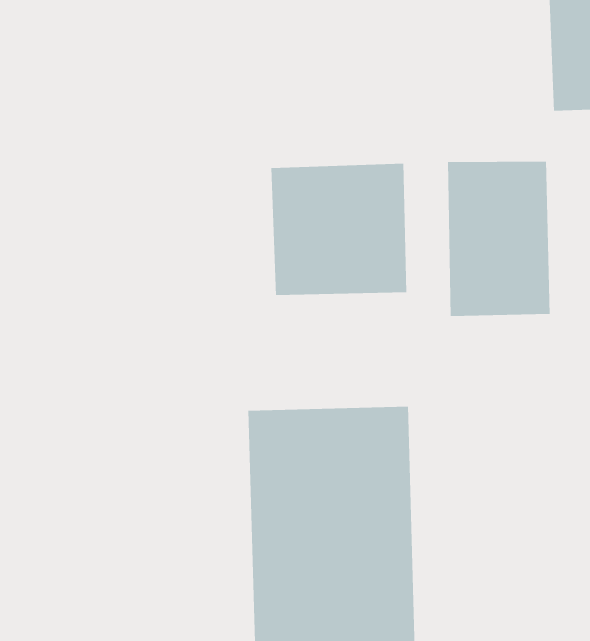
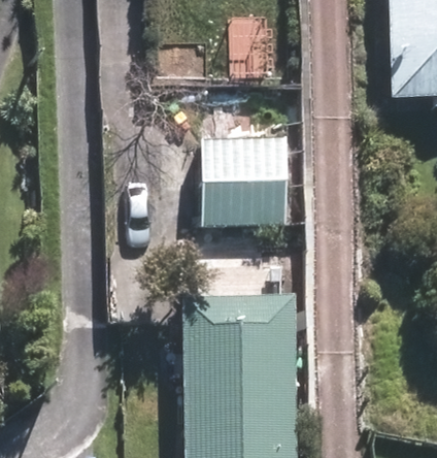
building: [448,161,550,317] -> none

